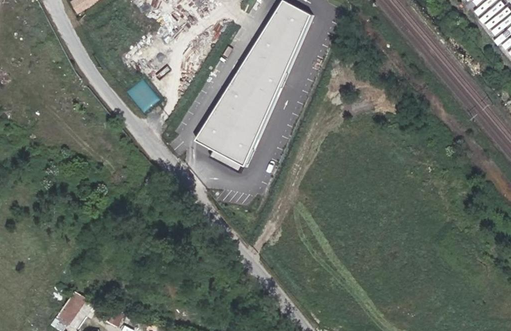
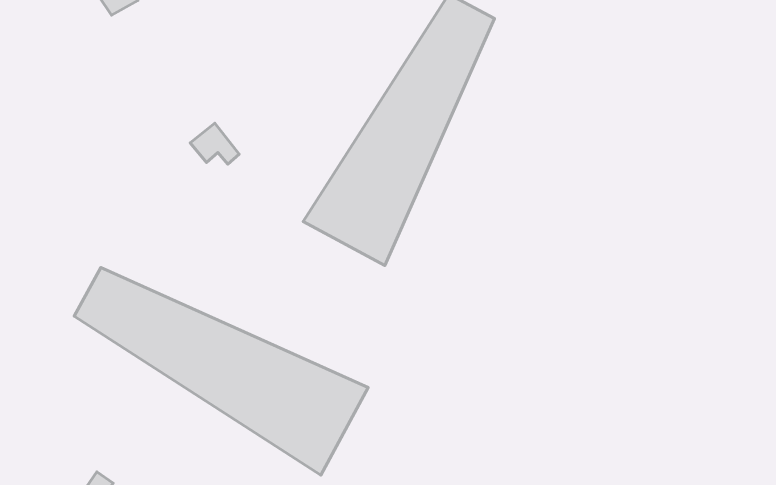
building: none -> [74,267,368,475]

